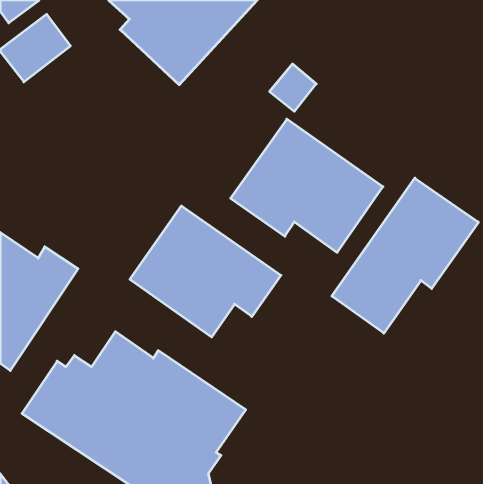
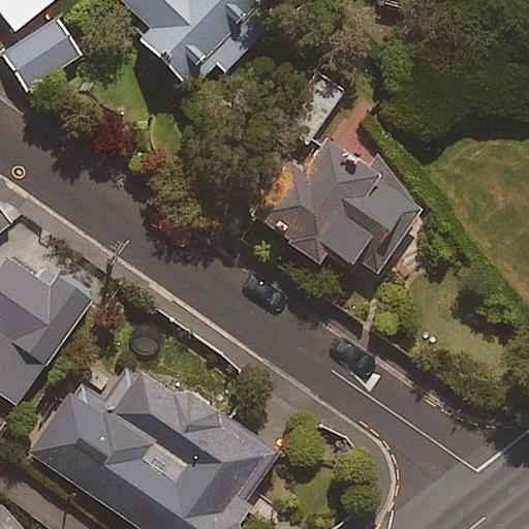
building: [332,178,478,333] -> none
building: [130,206,281,337] -> none

